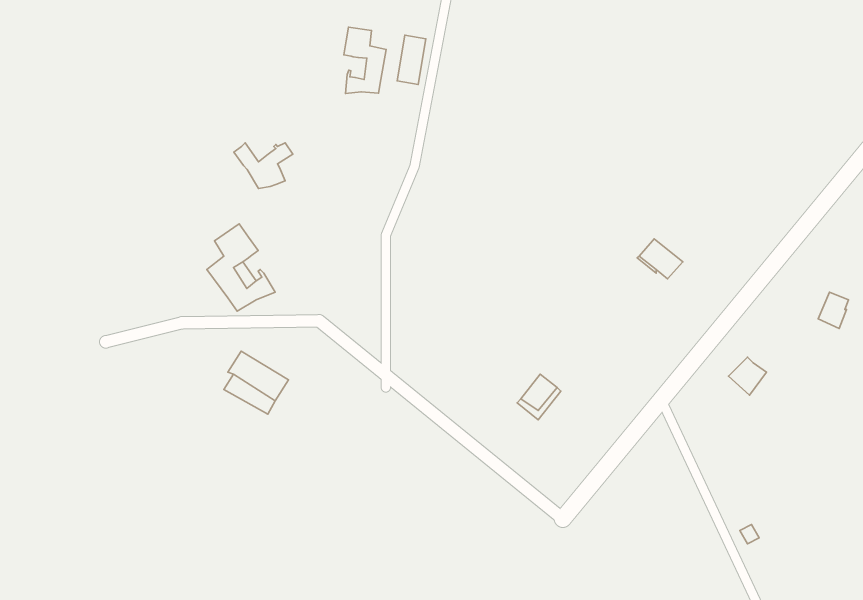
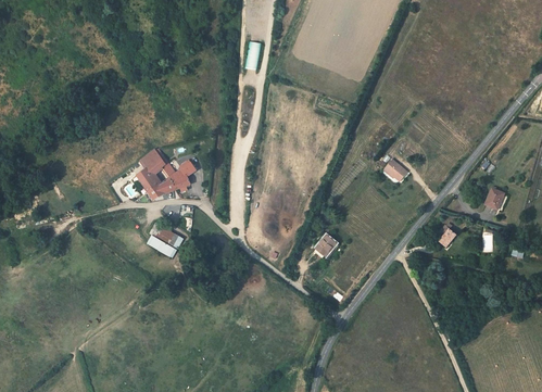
building: [344,27,386,94] -> none
building: [234,143,293,188] -> [161,162,194,188]

